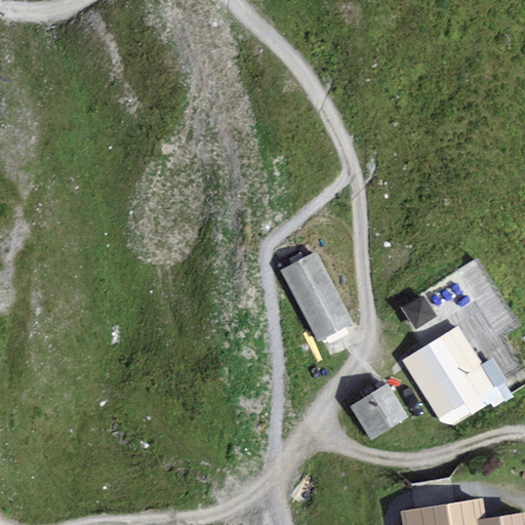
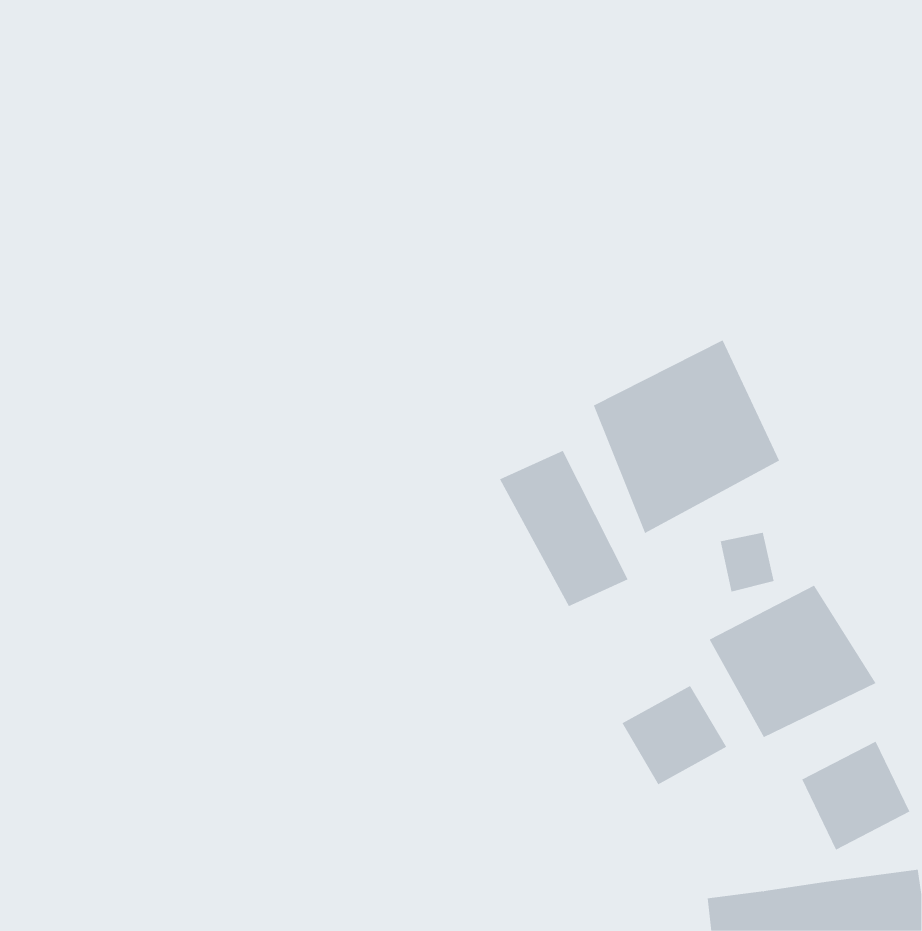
building: none -> [593,340,780,534]
building: none -> [801,741,910,850]

